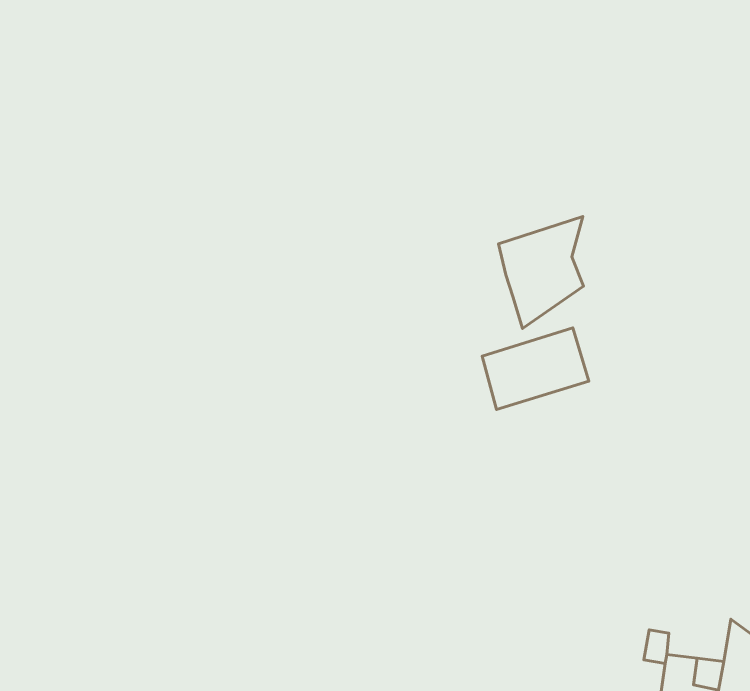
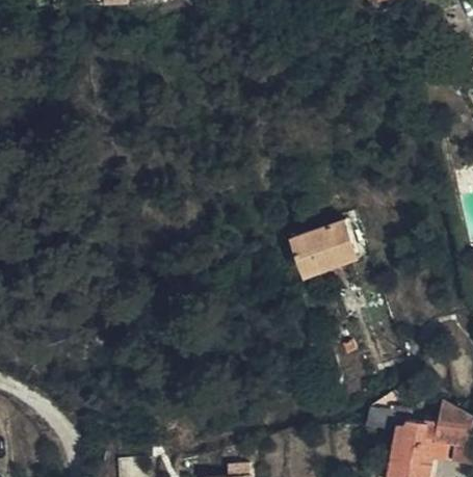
building: [499,217,583,329] -> none

